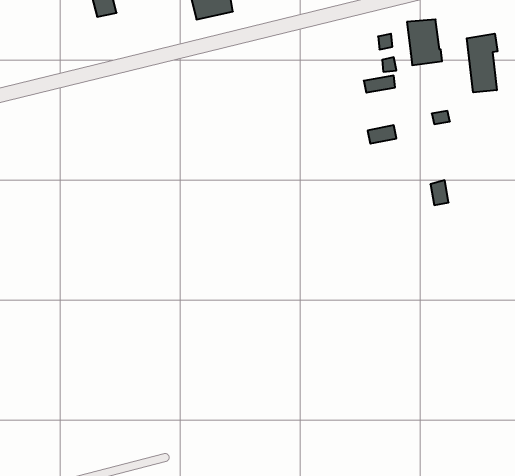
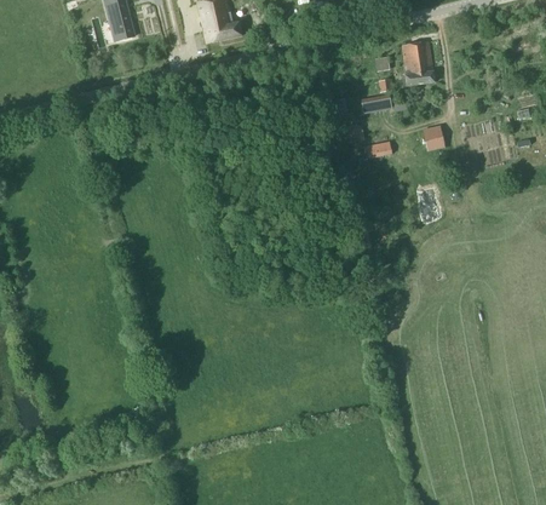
building: [467,34,497,92] -> none

